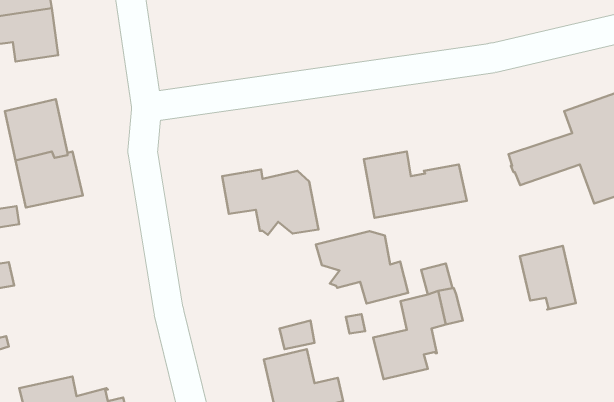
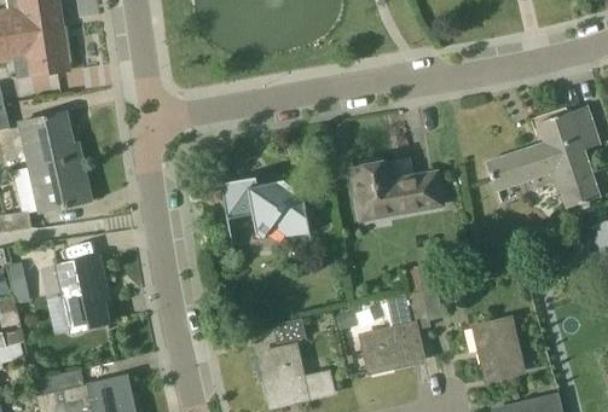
building: [316,231,408,304] -> none
building: [520,246,576,310] -> [474,318,526,377]
building: none -> [57,257,108,331]

